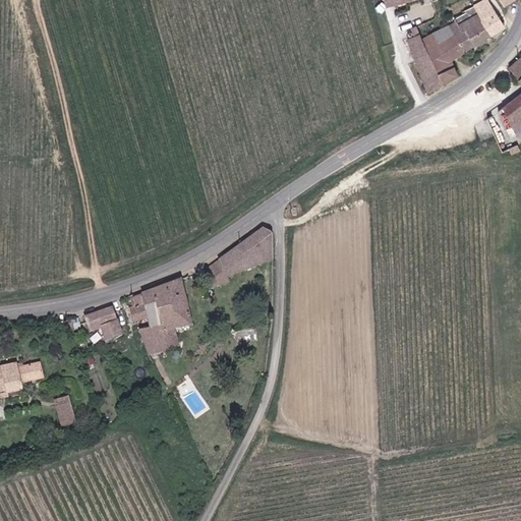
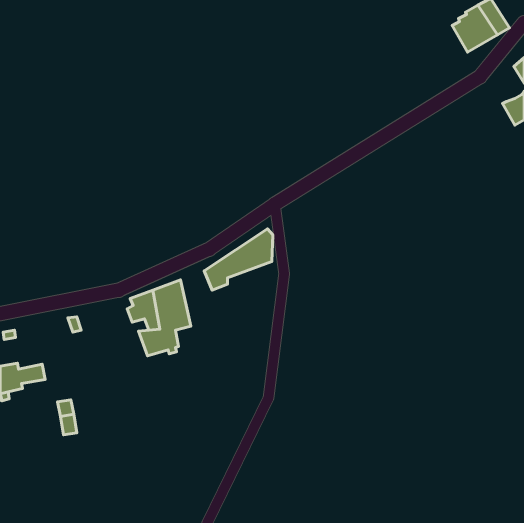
building: [408,25,464,92] -> none
building: [85,305,121,339] -> none

